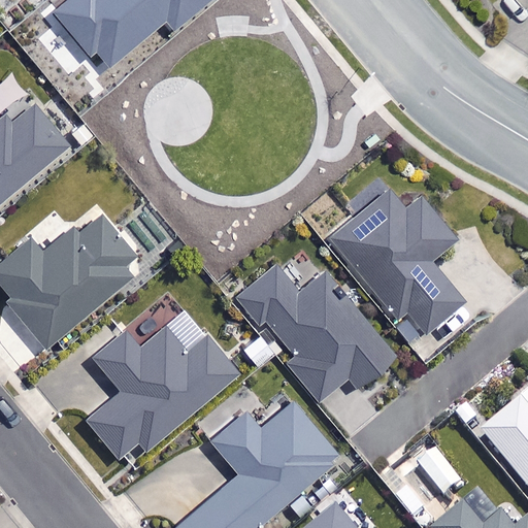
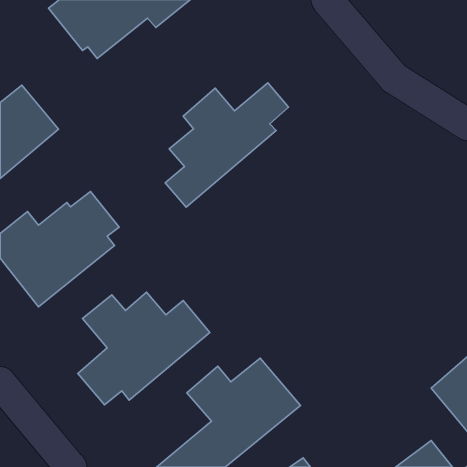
building: none -> [165,83,288,207]
building: [331,169,465,332] -> none
building: [234,263,394,401] -> none

